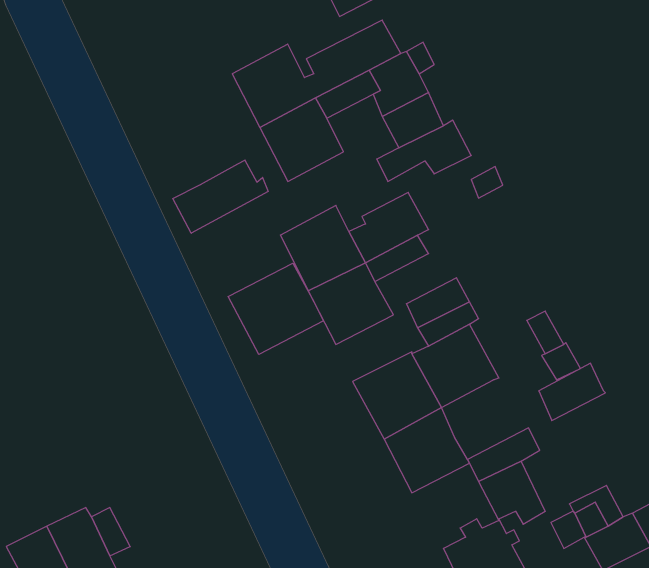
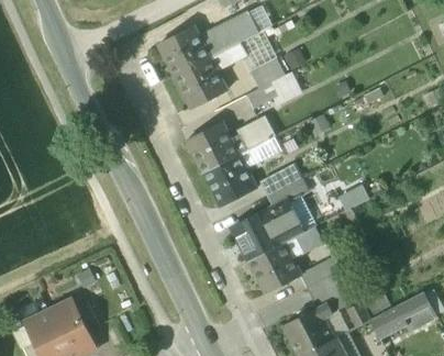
building: [173,160,268,233] -> none
building: [228,263,323,354] -> none
building: [539,363,605,421] -> [284,226,323,260]

